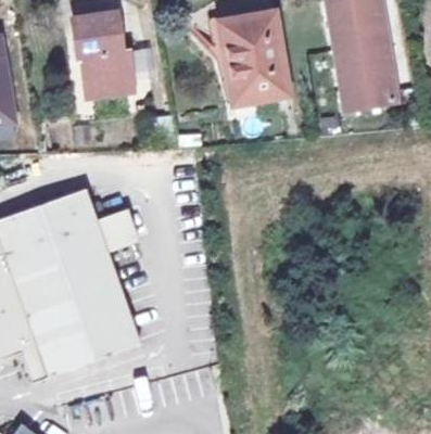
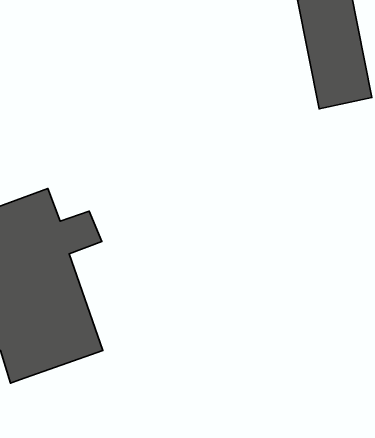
building: [71,11,131,94] -> none
building: [227,15,288,104] -> none

